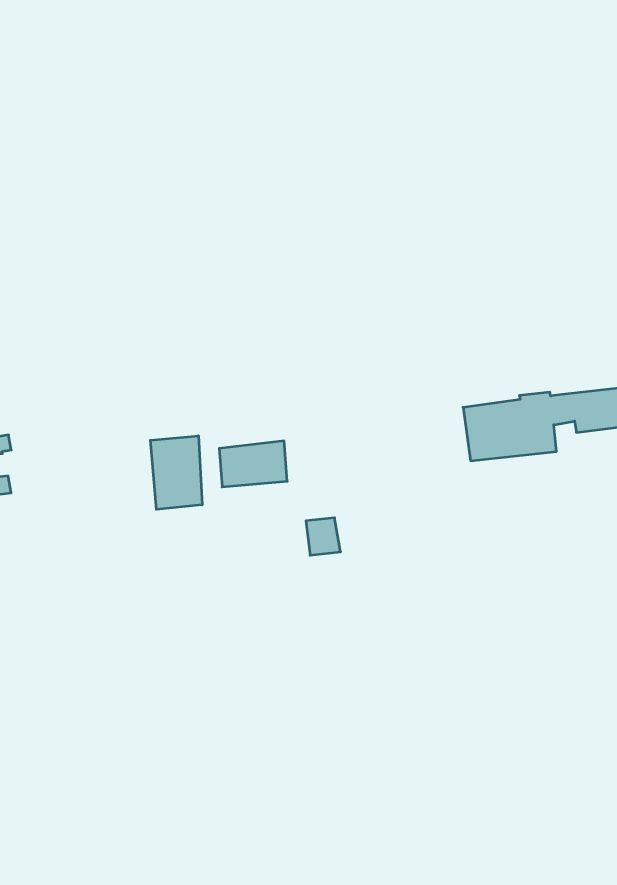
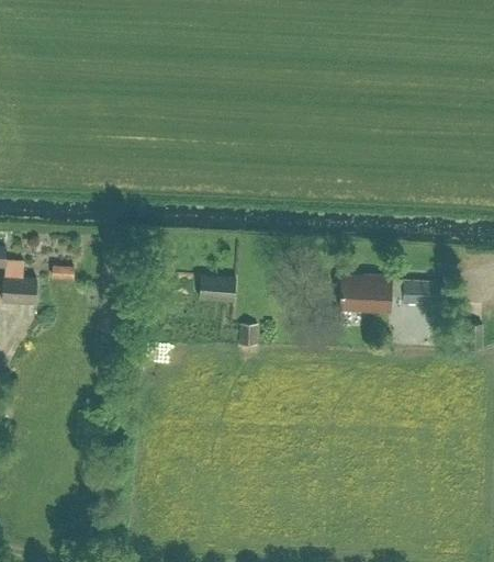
building: [150,436,202,509] -> none

